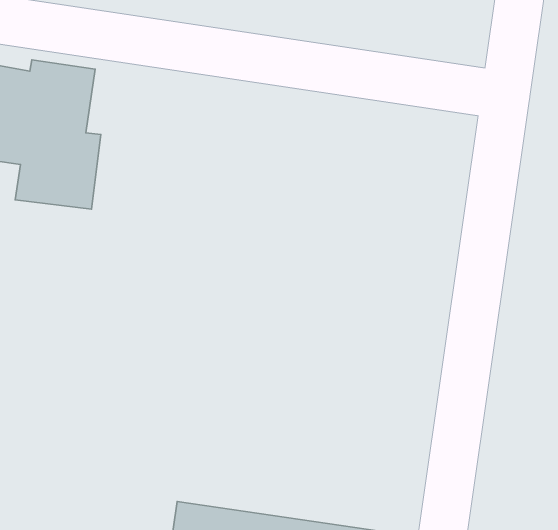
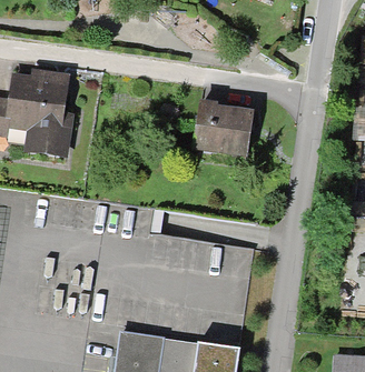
building: none -> [194,99,255,158]

